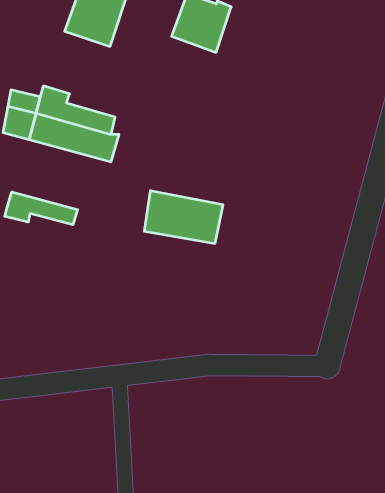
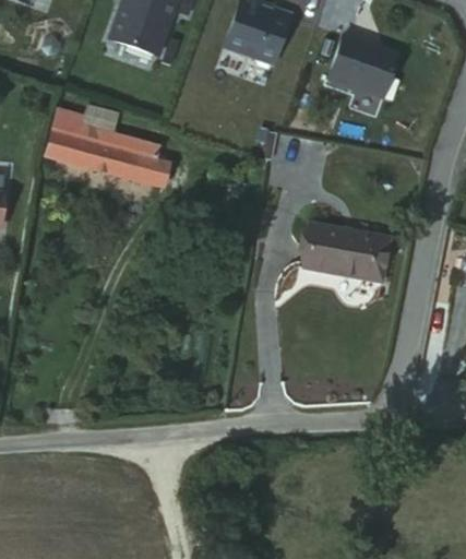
building: none -> [325,40,395,105]
building: [144,191,223,243] -> [308,218,393,275]
building: [5,192,78,225] -> none

